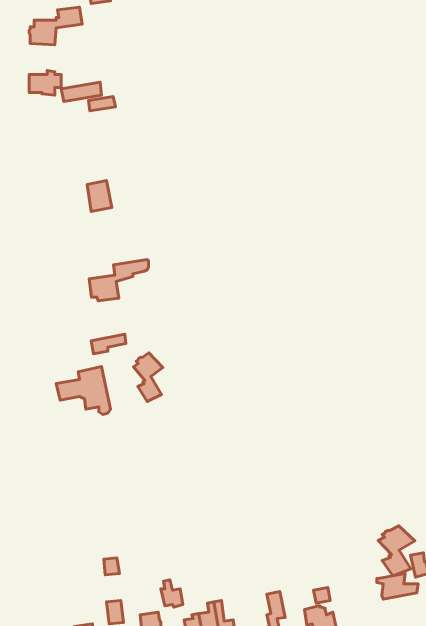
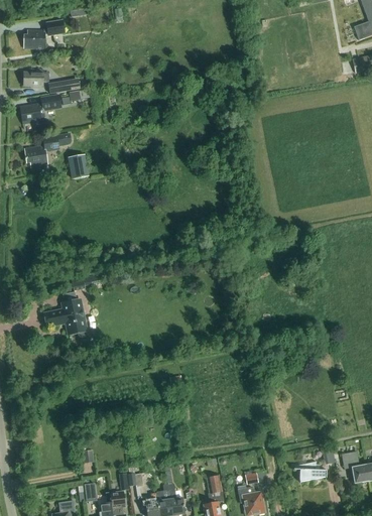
building: none -> [19,95,61,125]
building: [89,260,148,301] -> [23,134,70,166]
building: [133,353,163,401] -> none
building: [378,526,415,576] -> none

